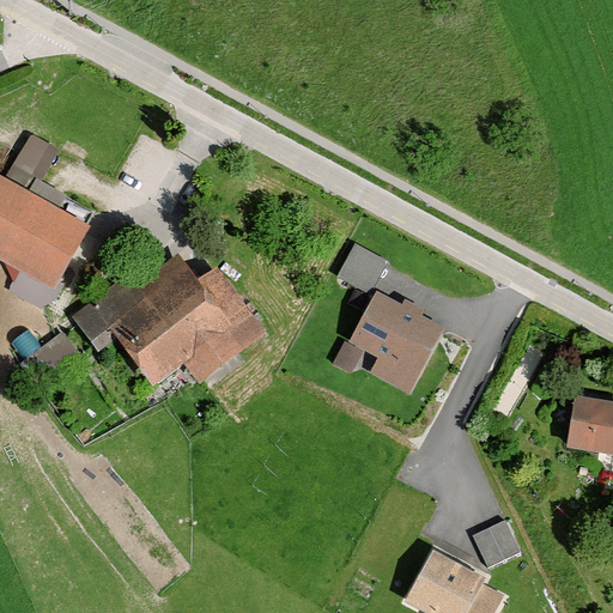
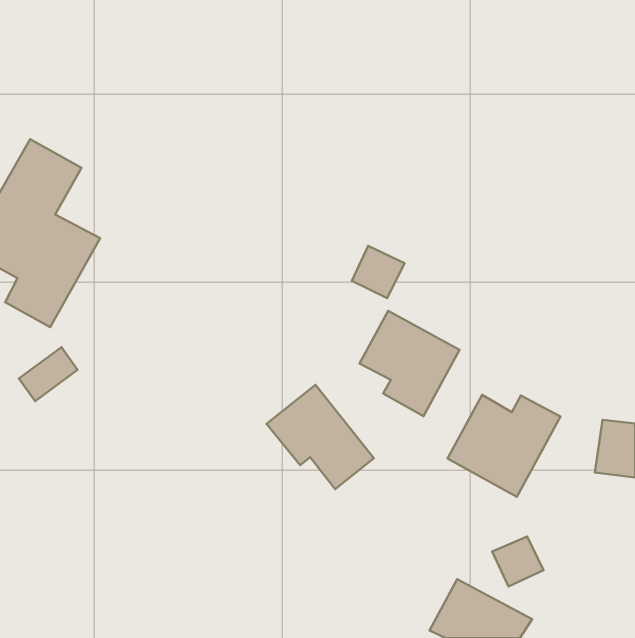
building: [72,233,265,390] -> none
building: none -> [267,385,374,489]
building: none -> [447,395,561,497]

